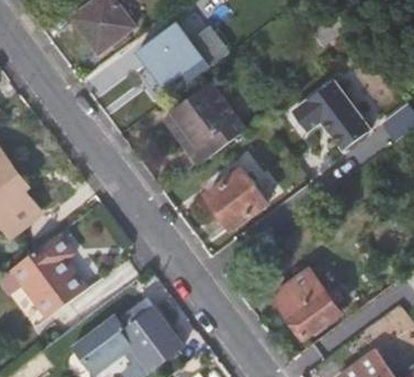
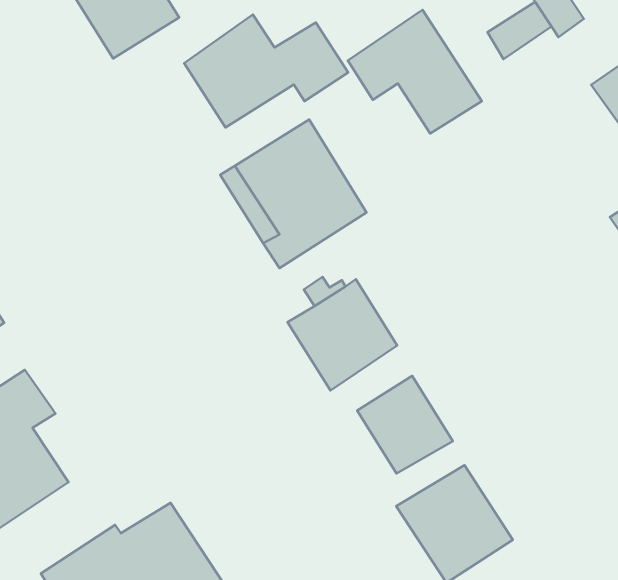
building: [294,80,371,149] -> [348,10,482,133]
building: none -> [357,376,453,473]

